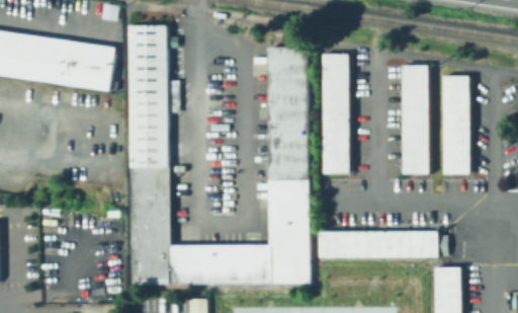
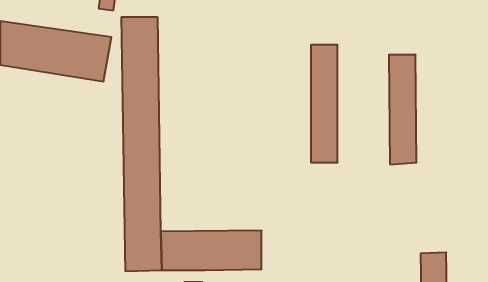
building: [266,47,311,285] -> none
building: [443,76,469,175] -> none
building: [318,231,438,258] -> none

